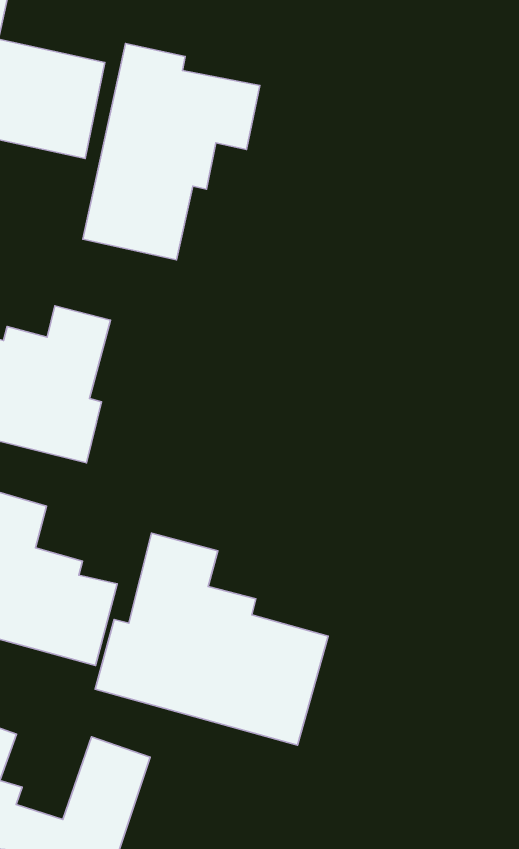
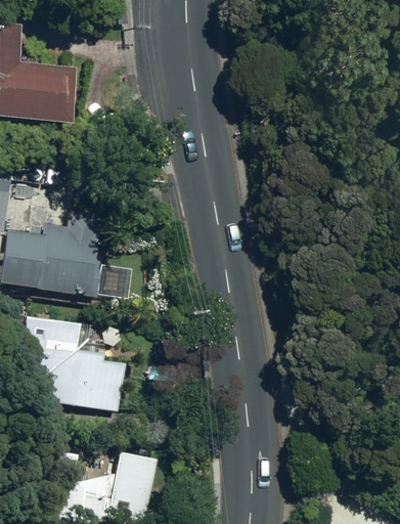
building: [83,44,260,260] -> none
building: [95,533,328,745] -> none

